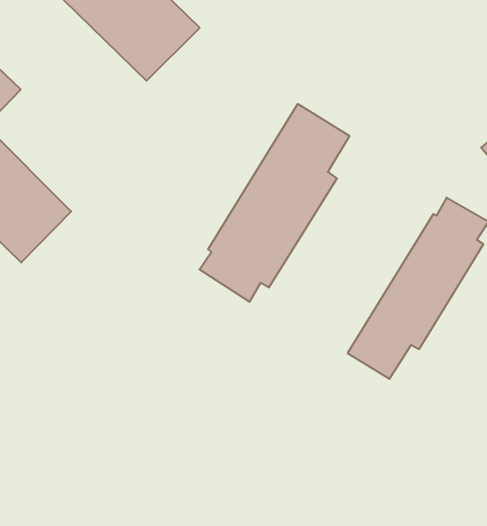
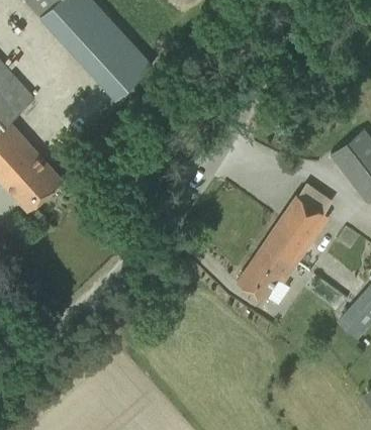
building: [199,104,349,302] -> none

